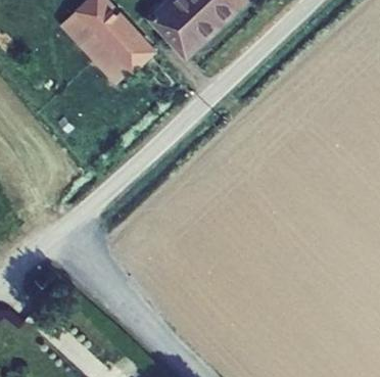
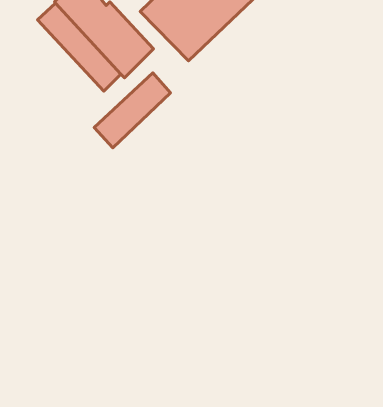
building: none -> [94,73,170,148]

